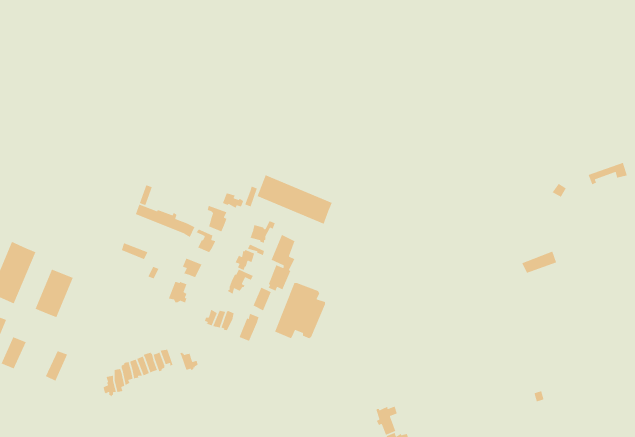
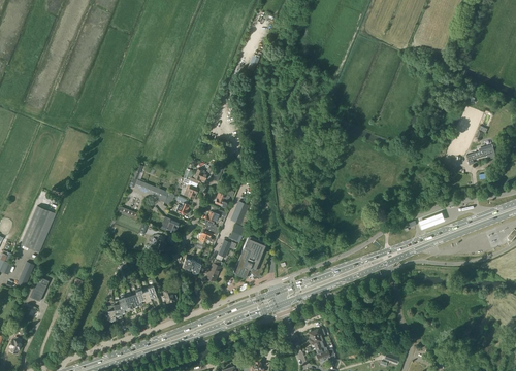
building: [256,174,333,225] -> none
building: [34,269,74,318] -> none

